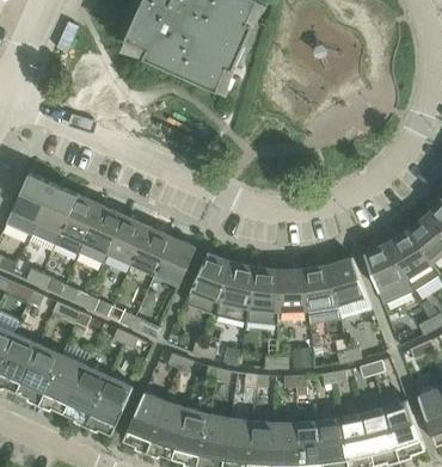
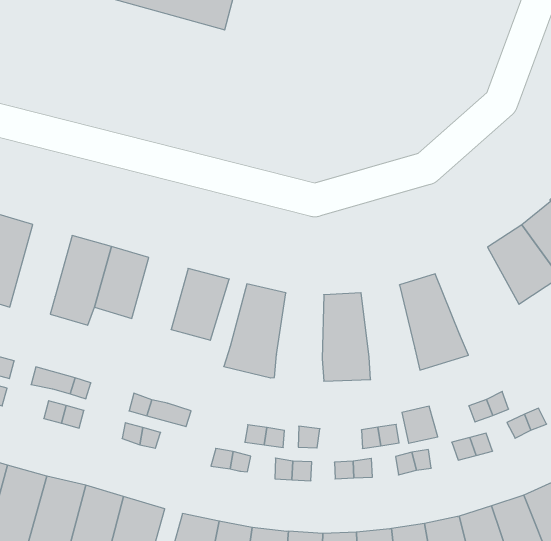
building: [54,193,100,254] -> none
building: [130,226,171,274] -> none
building: [327,257,372,319] -> none
building: [215,262,254,321] -> none
building: [277,268,307,311] -> none

